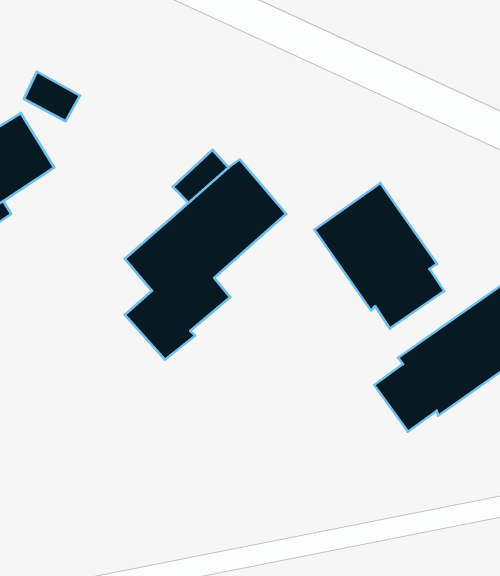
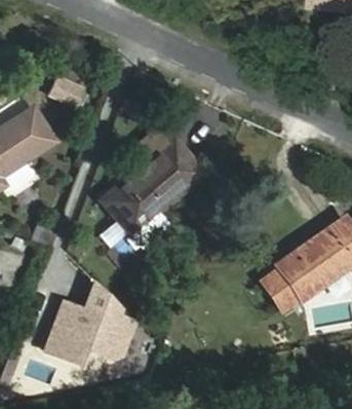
building: [314,183,444,329] -> none
building: none -> [46,283,134,363]

